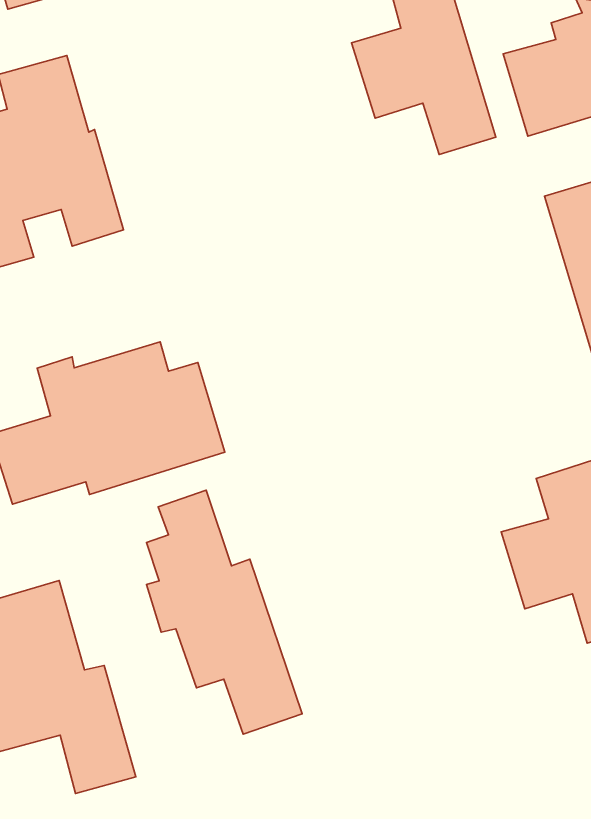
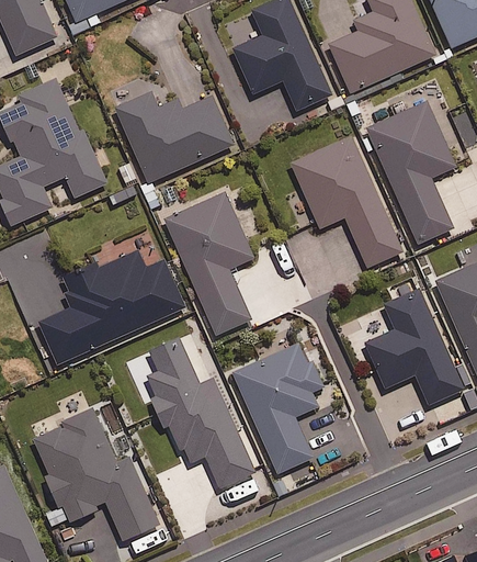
building: none -> [115,90,234,182]
building: none -> [293,137,401,267]
building: none -> [164,192,253,335]
building: none -> [234,344,325,473]

